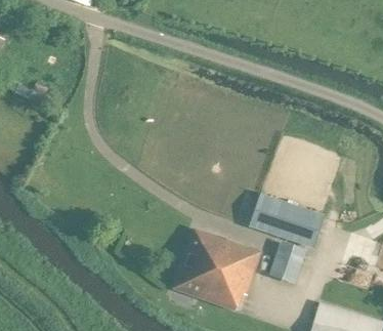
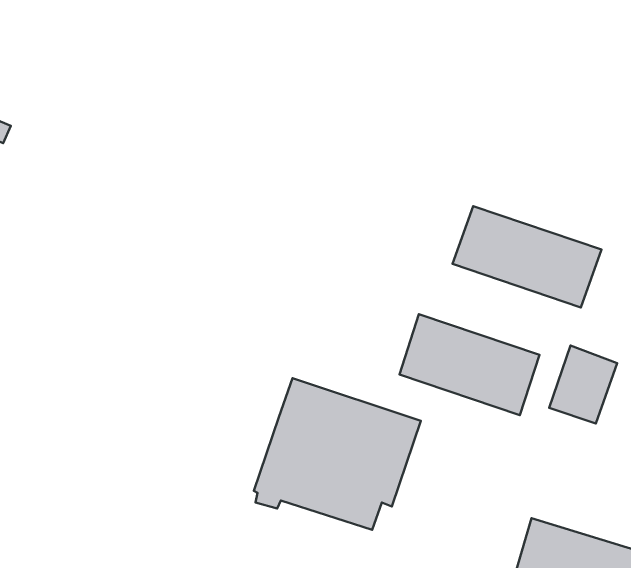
building: none -> [452,206,602,307]
building: [269,242,305,283] -> [549,346,617,423]

